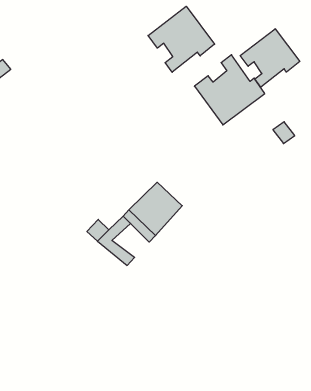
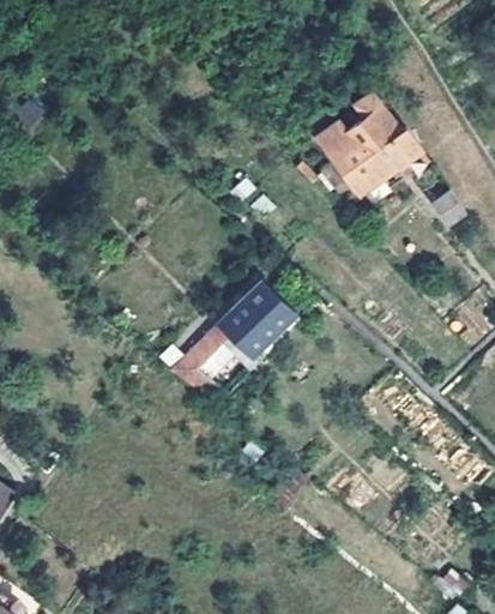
building: [148,6,215,72] -> none
building: [240,29,300,87] -> none

